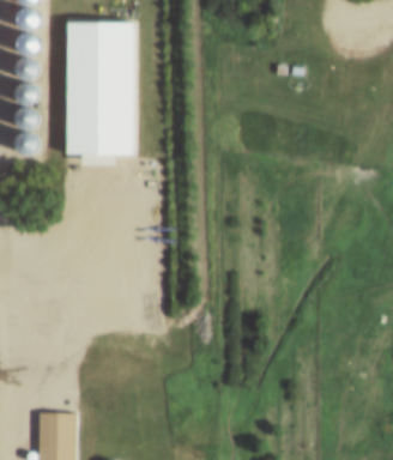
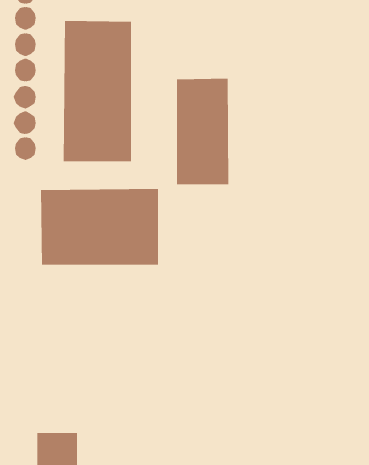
building: none -> [176,78,229,185]
building: none -> [41,188,159,265]

